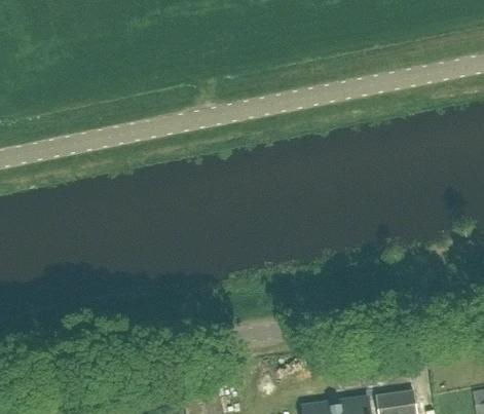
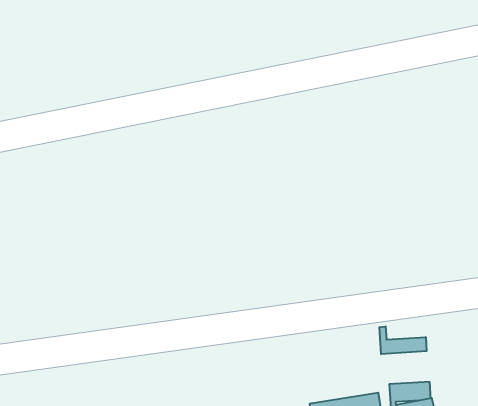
building: none -> [380,326,427,354]

